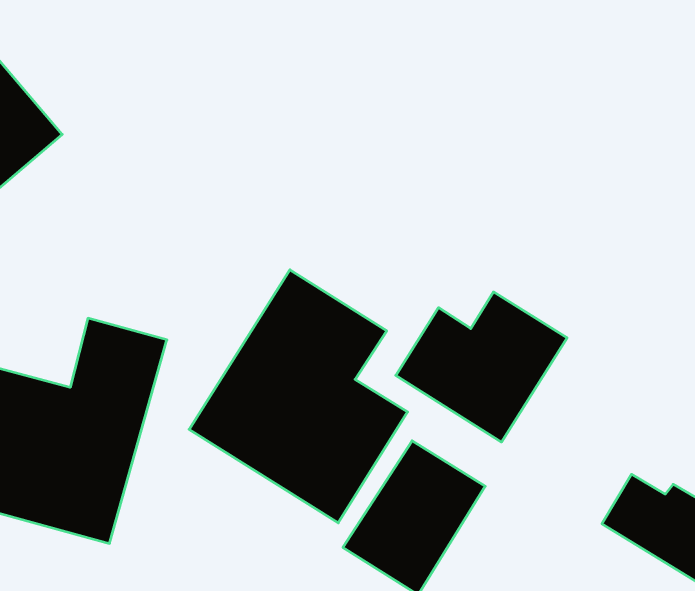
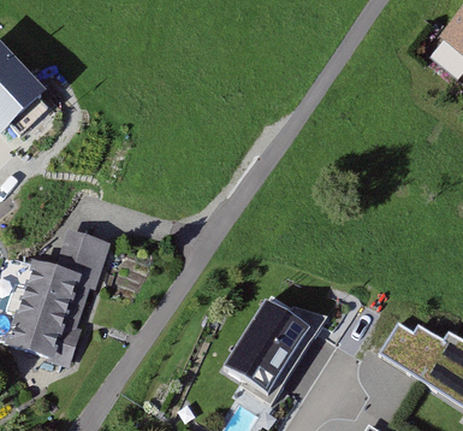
building: [189,270,408,523] -> none
building: [396,292,567,442] -> none

